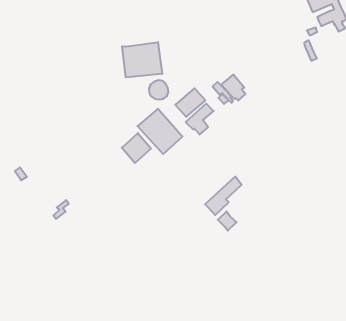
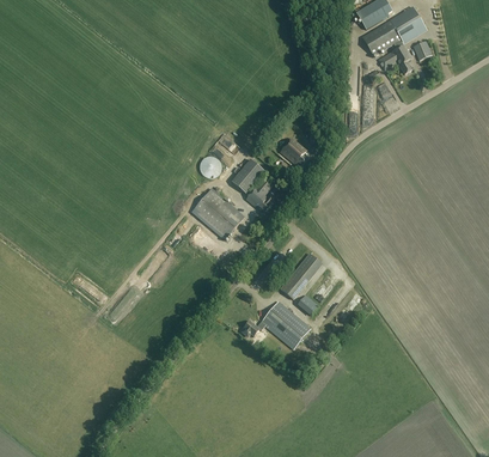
building: [122,42,162,77] -> none
building: [122,133,151,163] -> none
building: none -> [240,300,310,348]

